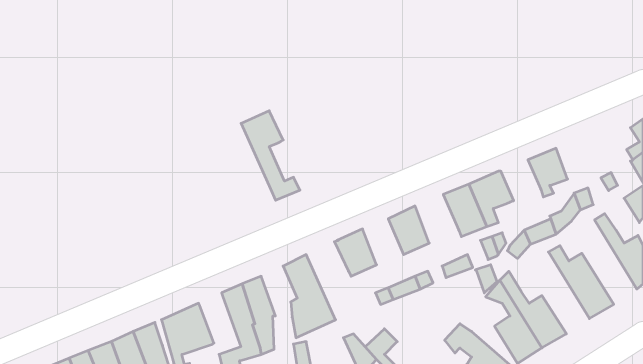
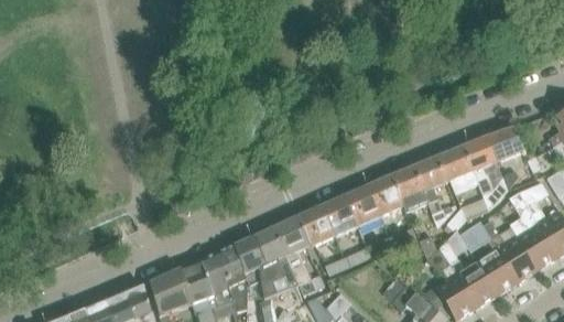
building: [241,111,300,200] -> [273,215,324,292]
building: none -> [488,126,524,161]
building: none -> [441,144,479,191]
building: none -> [367,174,404,216]
building: none -> [508,191,557,269]
building: none -> [322,195,357,235]
building: none -> [459,219,517,294]
building: none -> [235,236,265,286]
building: none -> [182,262,217,313]

